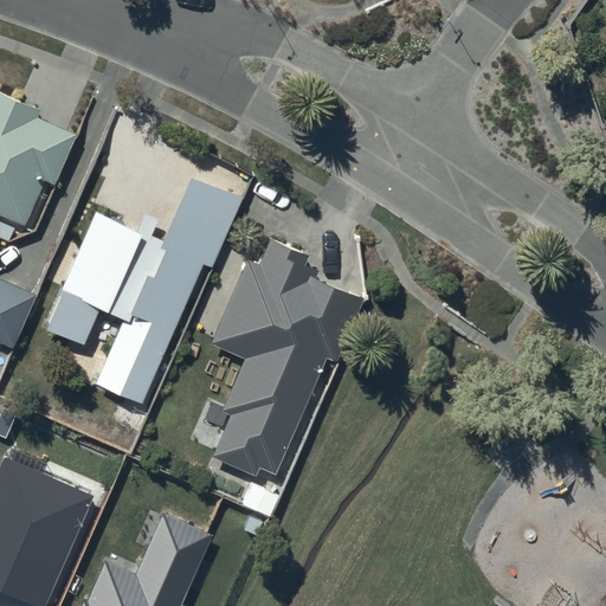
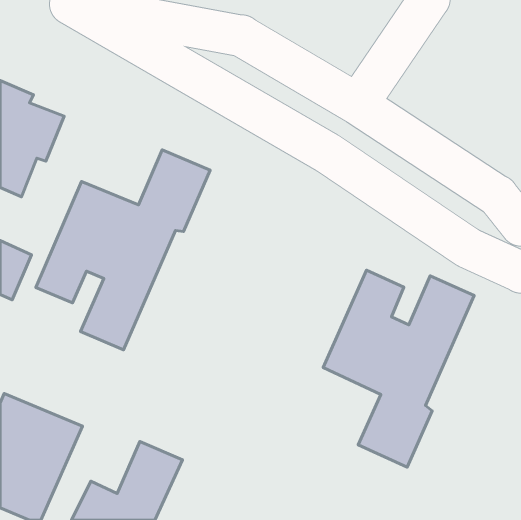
building: [212,238,361,477] -> none
building: none -> [323,270,474,467]

